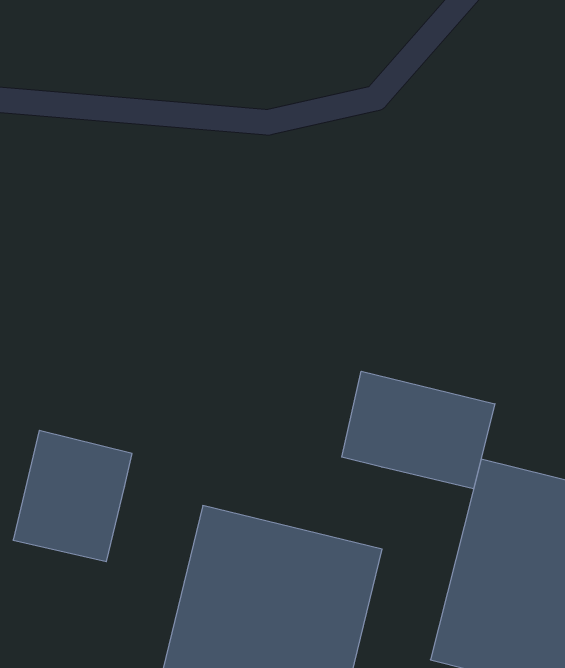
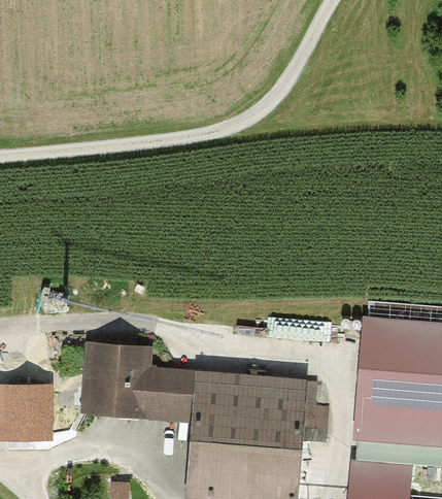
building: [342,371,495,489] -> none
building: none -> [148,370,200,421]

